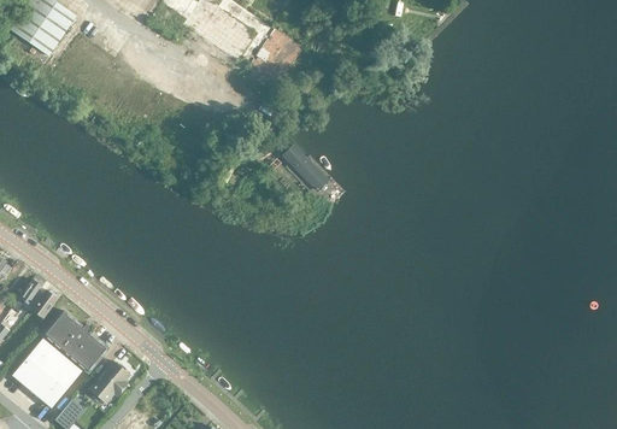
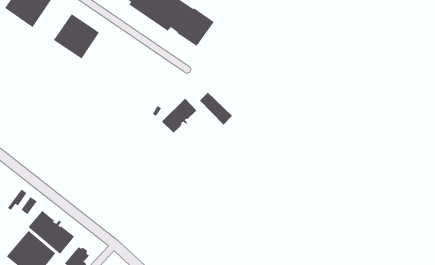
building: none -> [53,13,100,60]
building: none -> [161,98,197,133]

